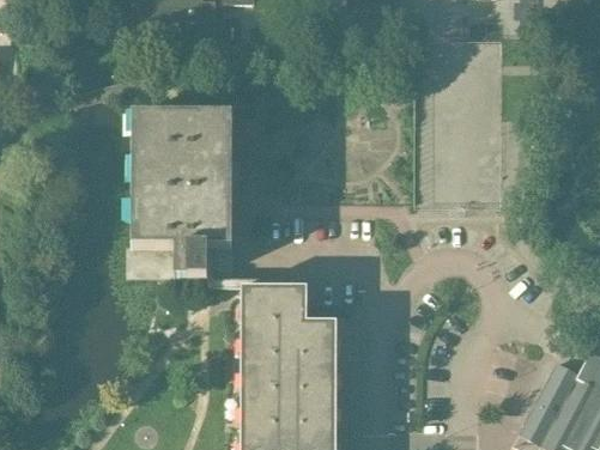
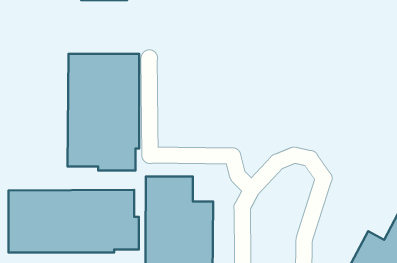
building: none -> [9,190,139,252]

